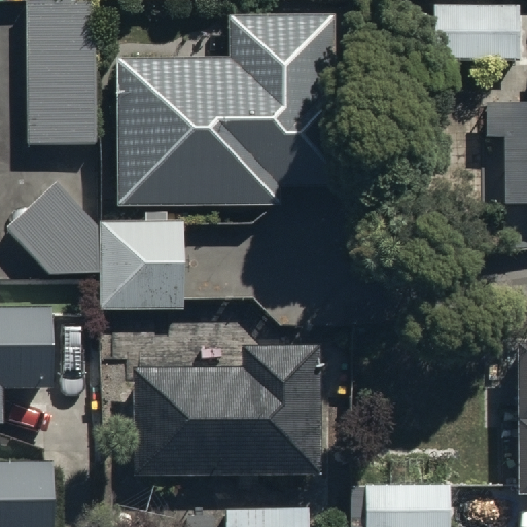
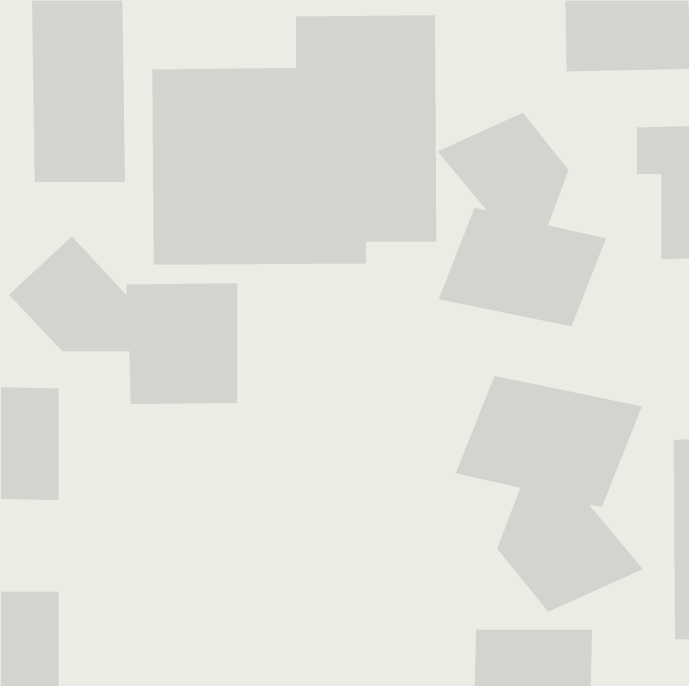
building: none -> [437,112,607,327]
building: none -> [455,375,644,612]
building: [133,345,321,473] -> none

